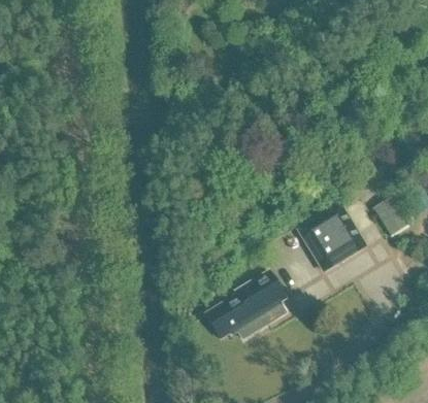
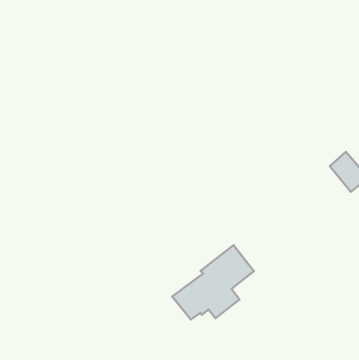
building: [300,207,364,272] -> none

